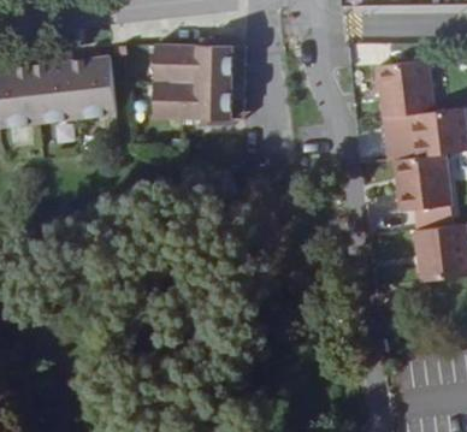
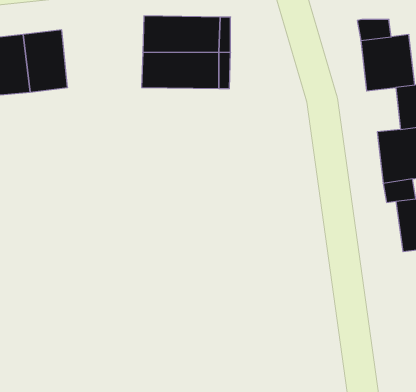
building: [70,55,116,118] -> none

